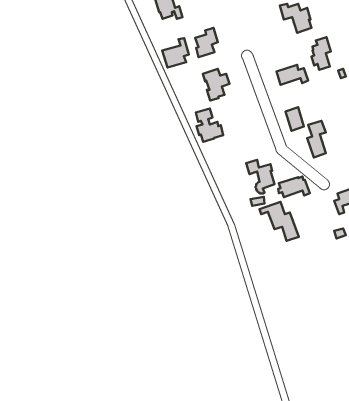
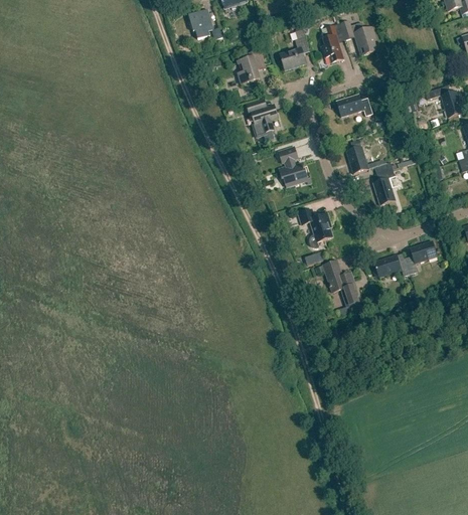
building: none -> [279,27,310,70]
building: [312,37,331,70] -> [321,22,344,61]
building: [162,38,189,68] -> none
building: [196,108,223,142] -> [278,146,311,186]
building: [278,176,310,197] -> [372,253,411,279]

